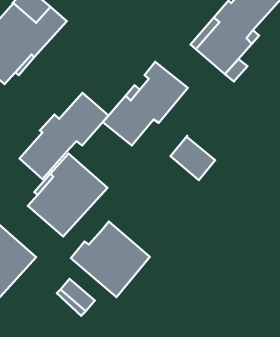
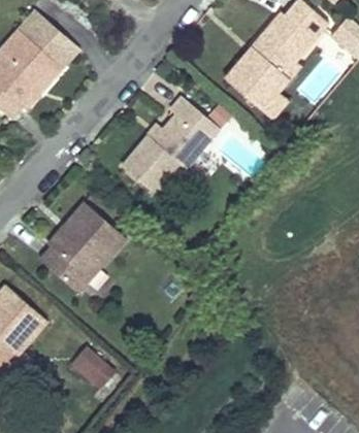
building: [19,93,108,179] -> none
building: [171,136,215,180] -> none
building: [71,221,150,297] -> none

